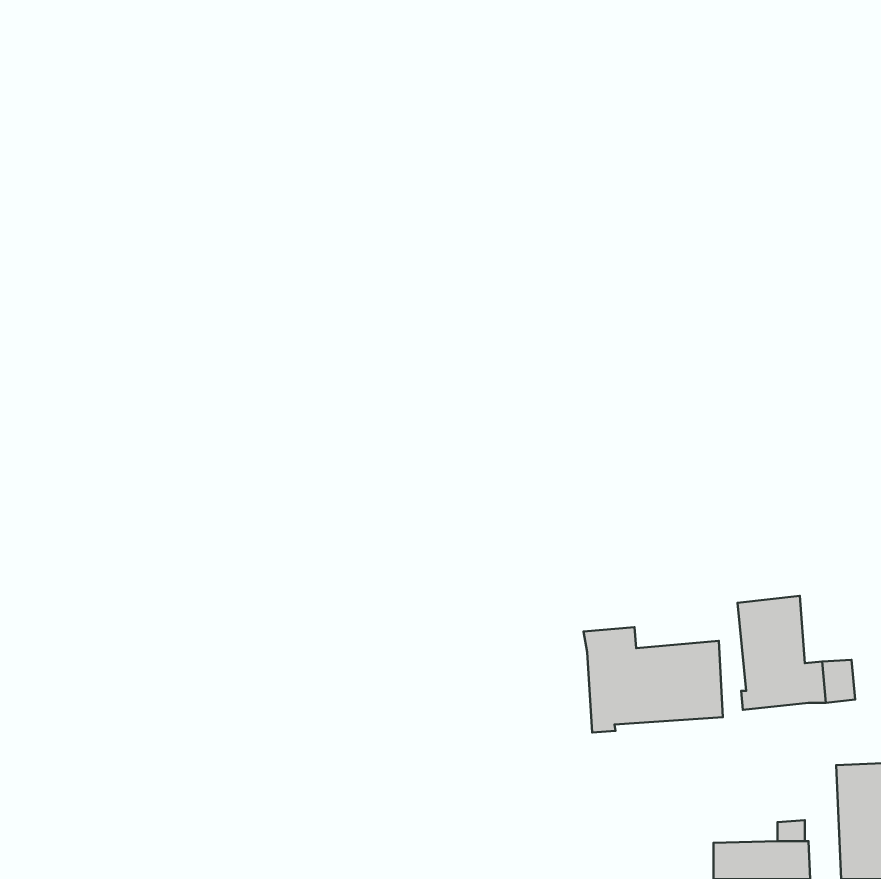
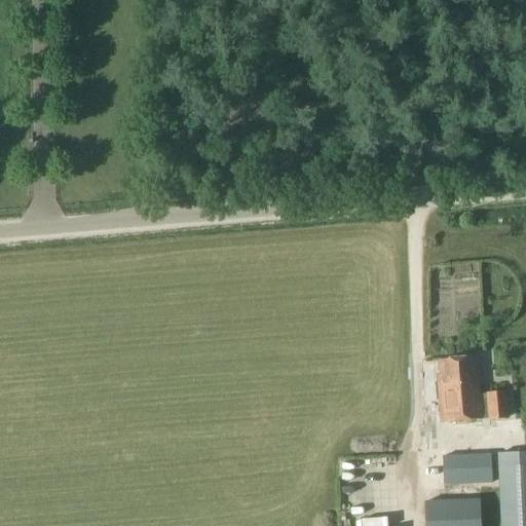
building: [584,627,723,733] -> none
building: none -> [444,453,492,483]

